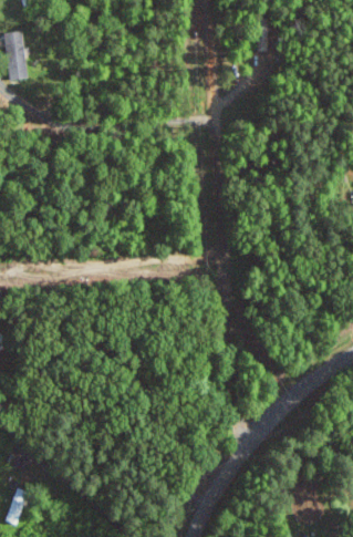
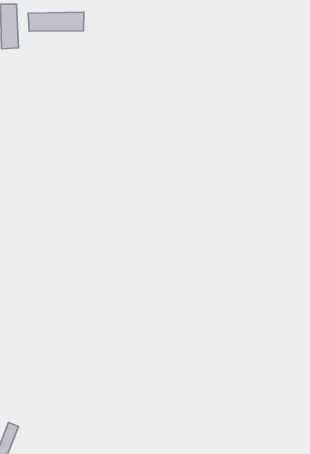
building: none -> [28,12,84,31]

